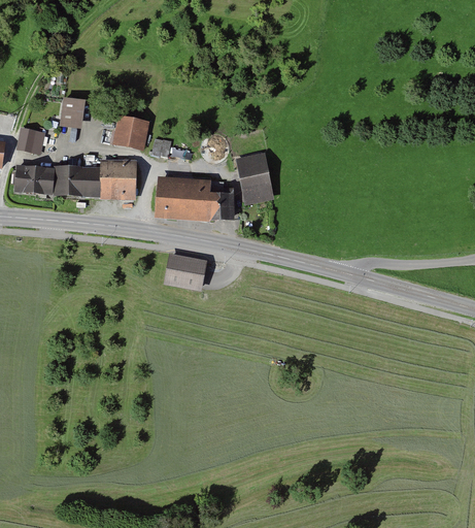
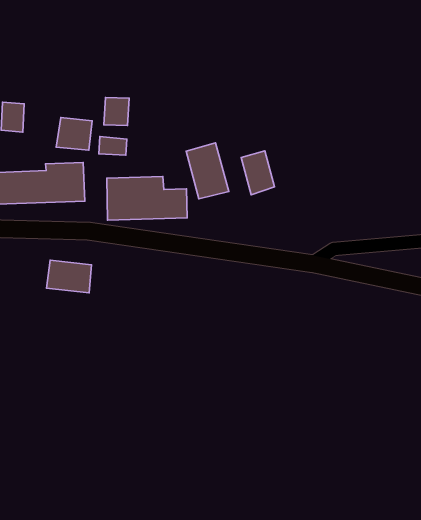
building: none -> [104,98,129,125]
building: none -> [241,151,274,195]
building: [163,255,207,289] -> [47,260,91,293]

